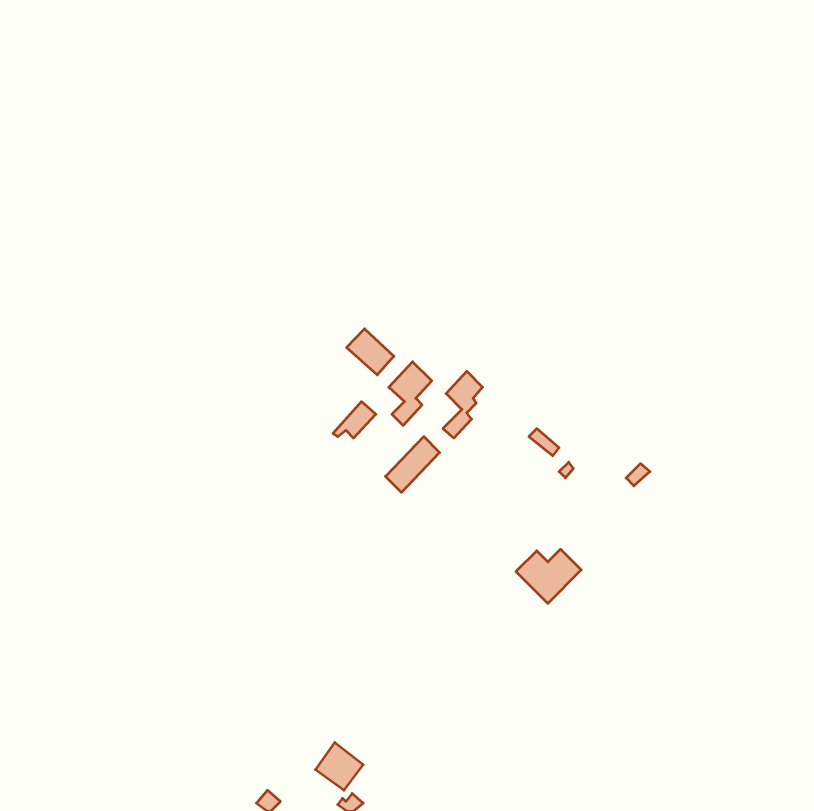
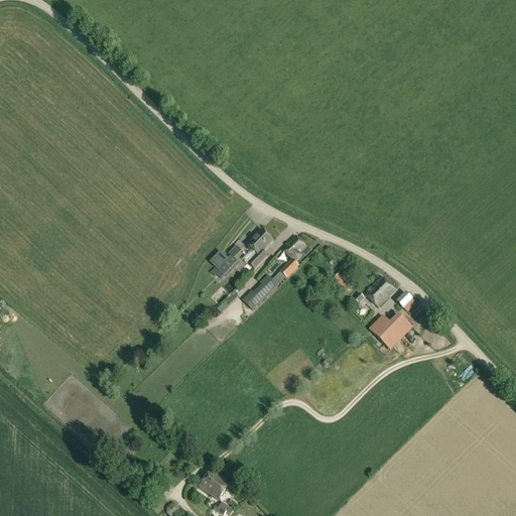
building: [347,329,394,375] -> none
building: none -> [364,276,394,306]
building: [516,549,581,603] -> [370,314,411,349]

